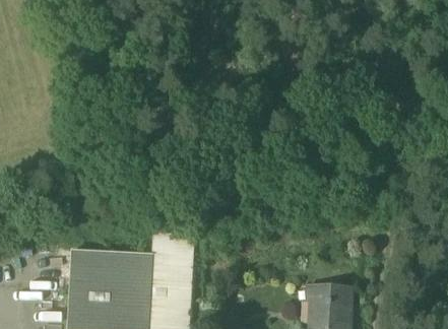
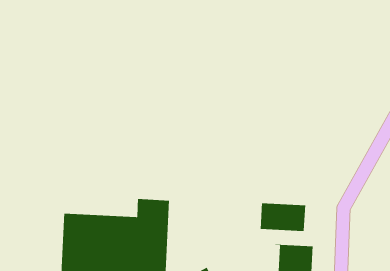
building: none -> [260,202,306,235]

